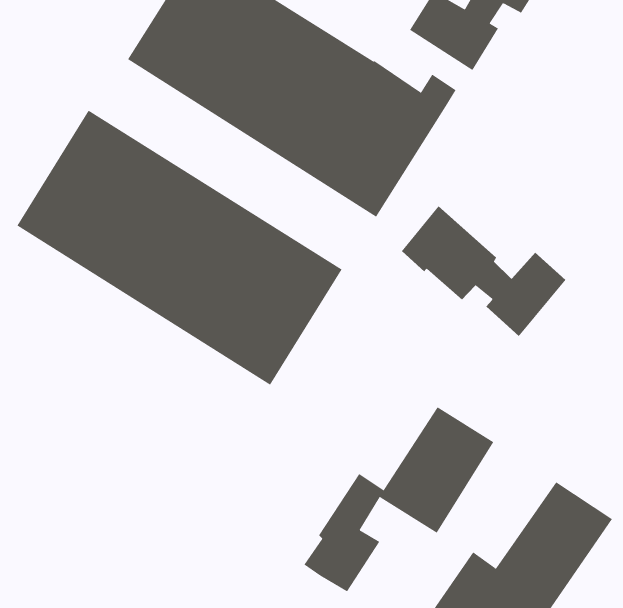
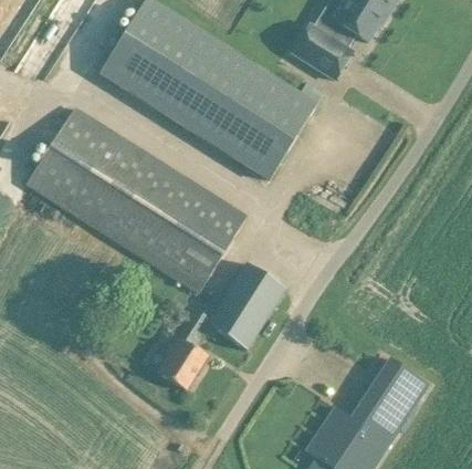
building: [401,206,566,337] -> none
building: [303,406,494,592] -> [156,263,285,389]

